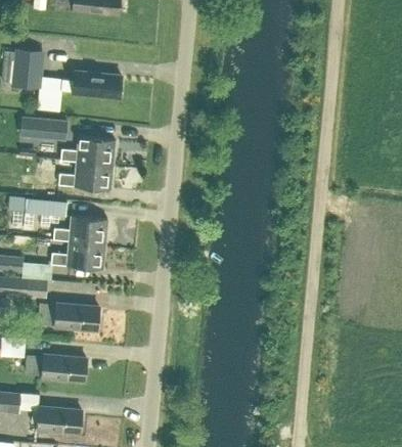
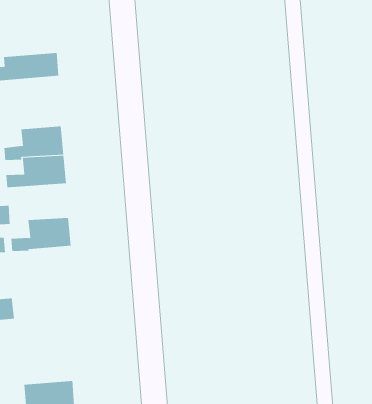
building: [50,241,104,270] -> none
building: [53,305,98,330] -> none

